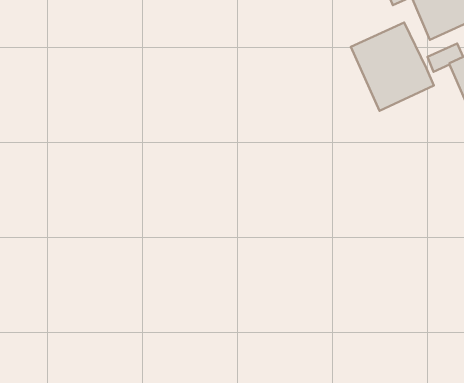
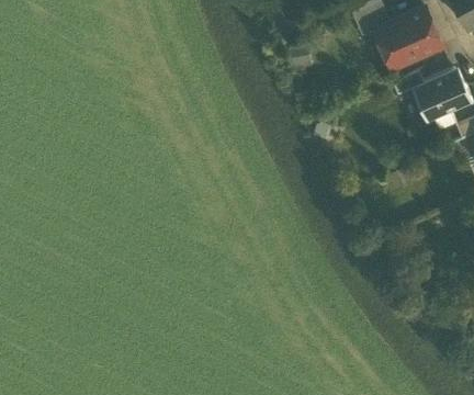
building: [351,23,434,111] -> none

